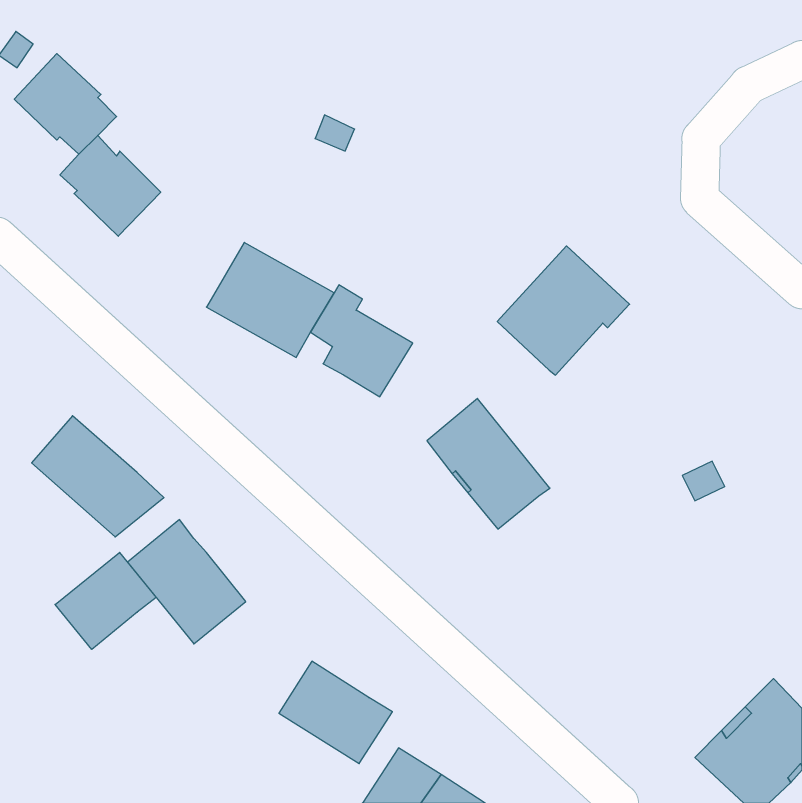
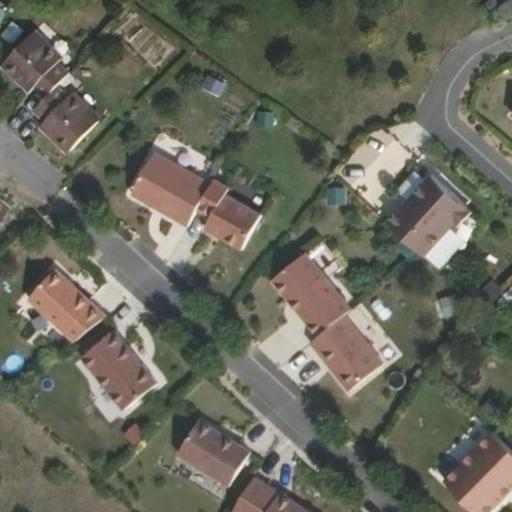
building: [497,246,630,375] -> [385,175,469,257]
building: none -> [309,315,381,391]
building: [55,552,156,649] -> none

